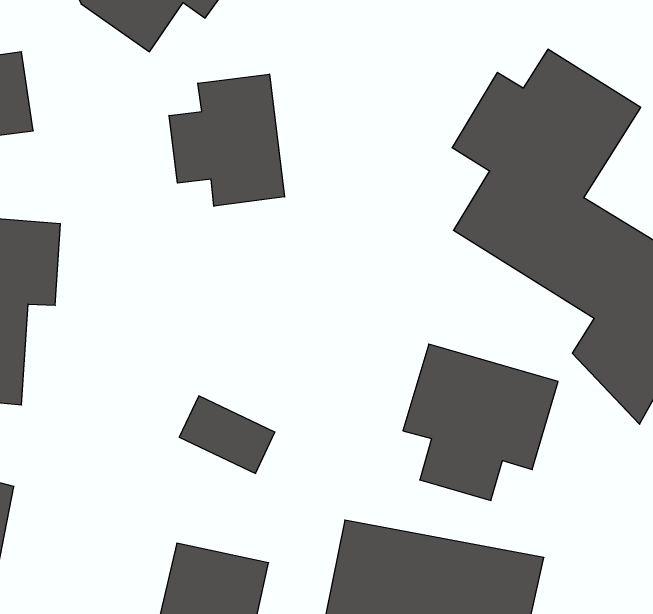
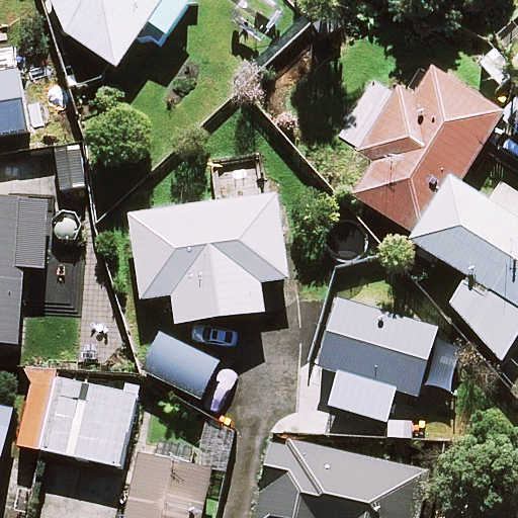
building: [169,74,285,206] -> none
building: none -> [130,193,287,323]
building: none -> [15,367,135,464]

